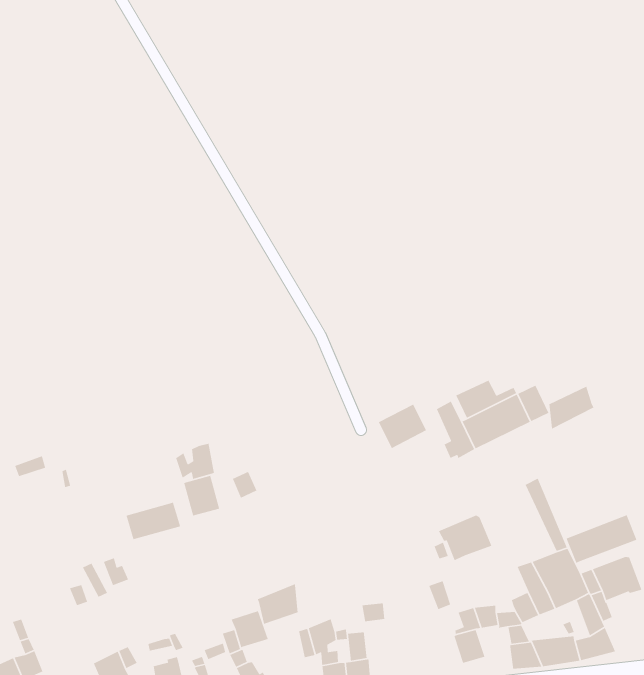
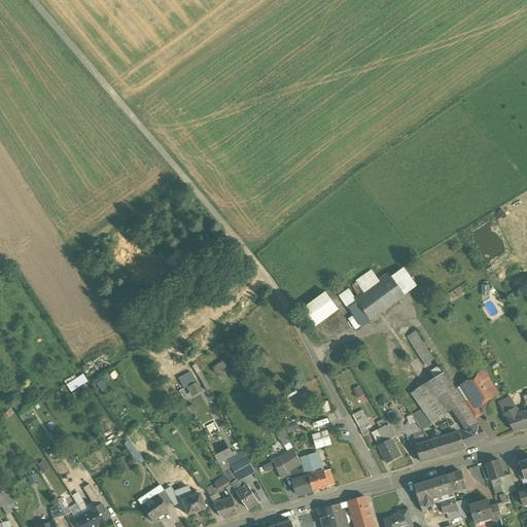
building: [548,386,594,430] -> none
building: [175,443,215,480] -> none
building: [126,502,181,540] -> none
building: [565,514,638,564] -> none
building: [438,515,492,562] -> none
building: [257,583,298,625] -> none

